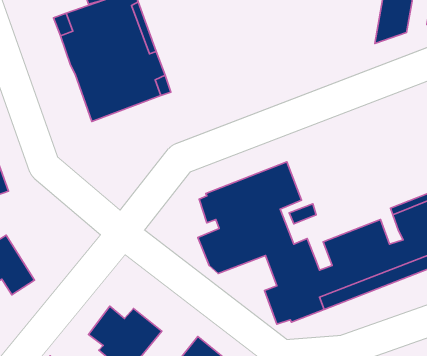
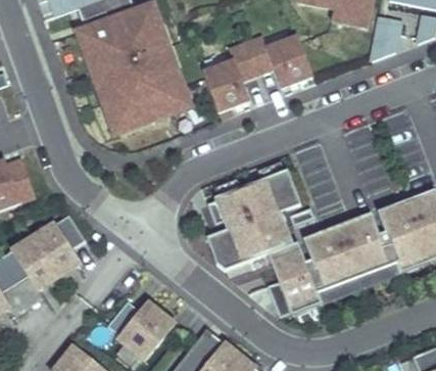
building: none -> [203,36,313,109]
building: none -> [313,213,393,267]
building: none -> [34,214,86,276]

